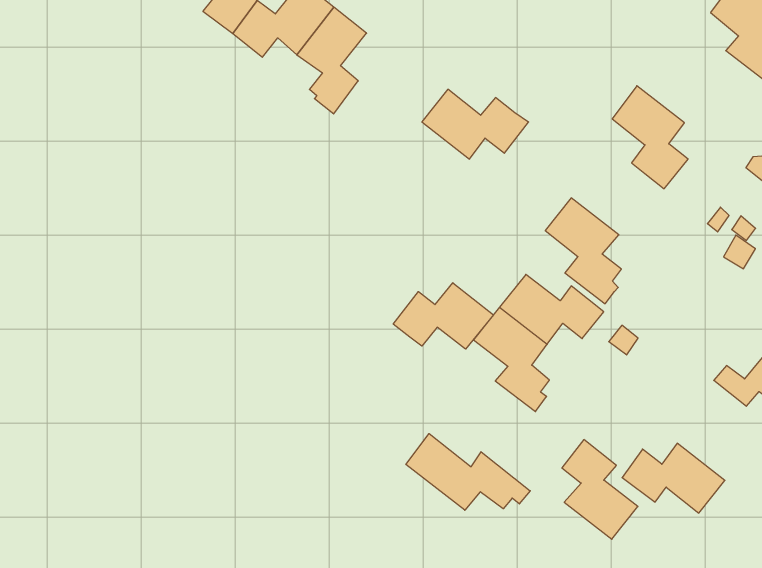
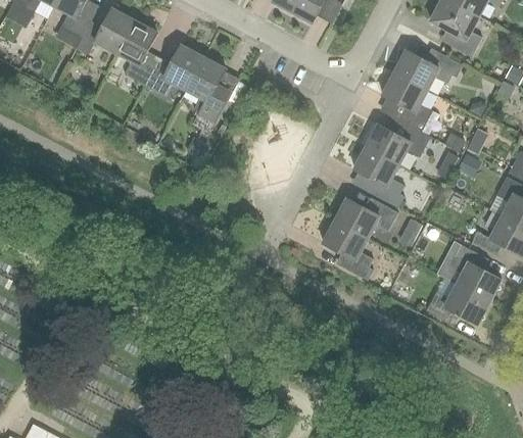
building: none -> [393,50,462,90]
building: [422,89,529,159] -> [366,125,430,164]
building: [393,283,494,349] -> none
building: [406,434,530,510] -> none
building: [562,440,638,539] -> [450,244,501,301]

